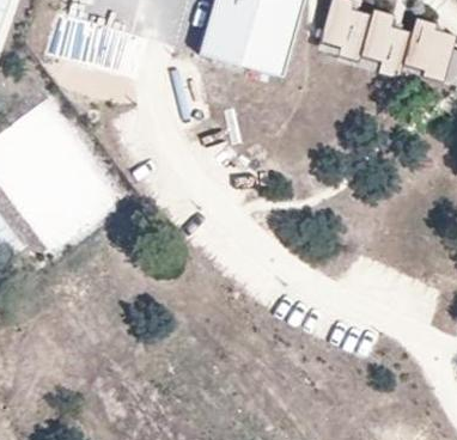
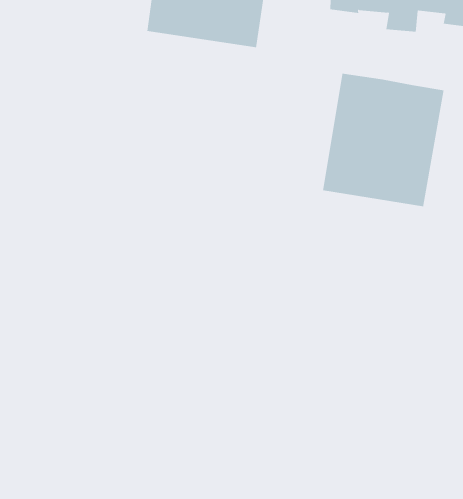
building: none -> [323,73,444,207]

